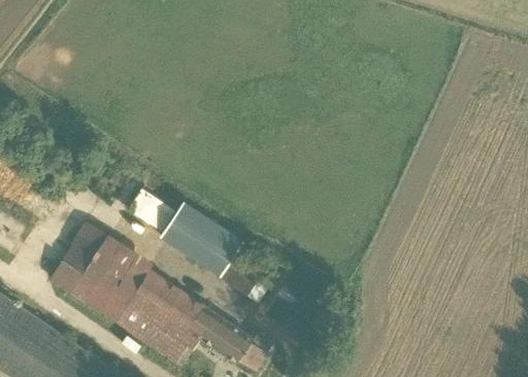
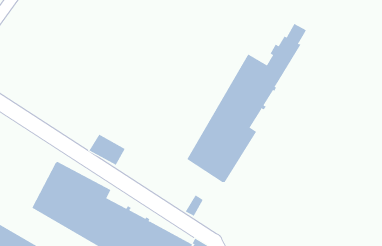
building: none -> [187,23,306,183]
building: [159,201,242,276] -> none

